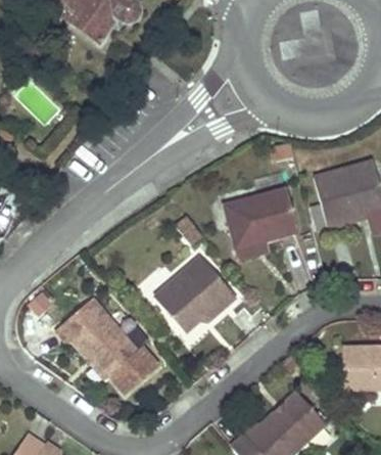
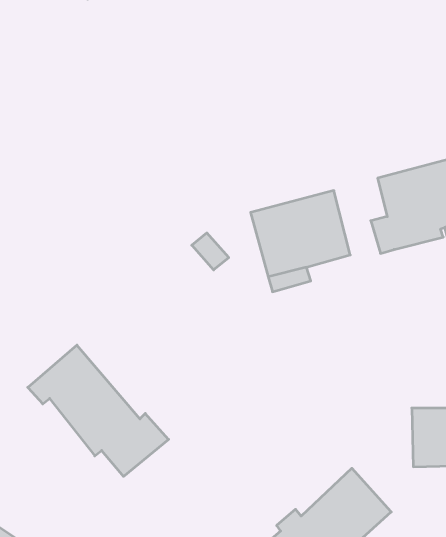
building: [154,257,237,333] -> none

